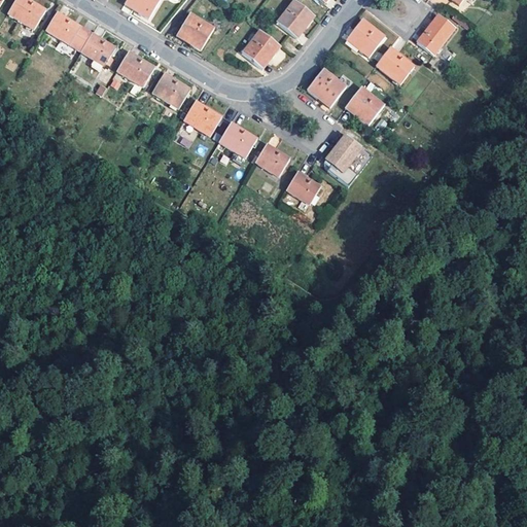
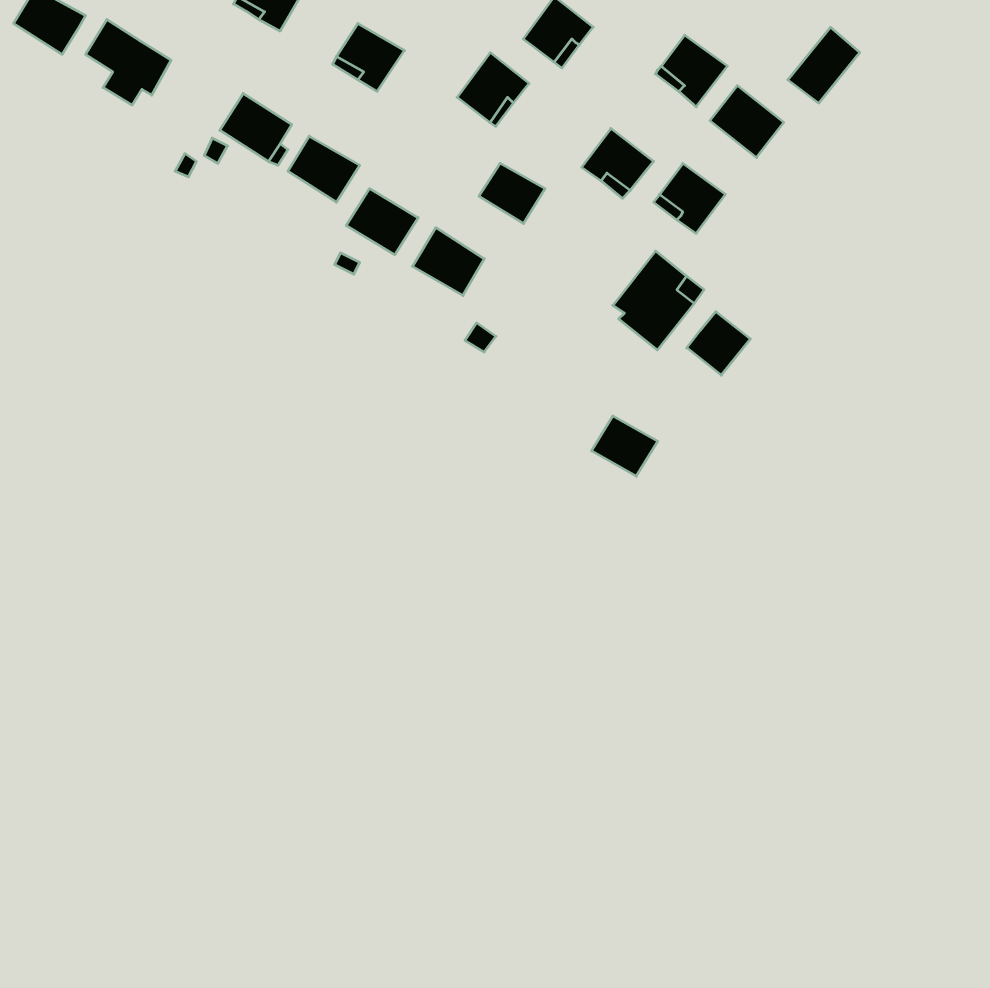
building: [80,32,114,64] -> none
building: [255,143,290,175] -> [479,163,545,224]
building: none -> [687,312,750,375]
building: [286,171,321,203] -> [592,416,658,476]

